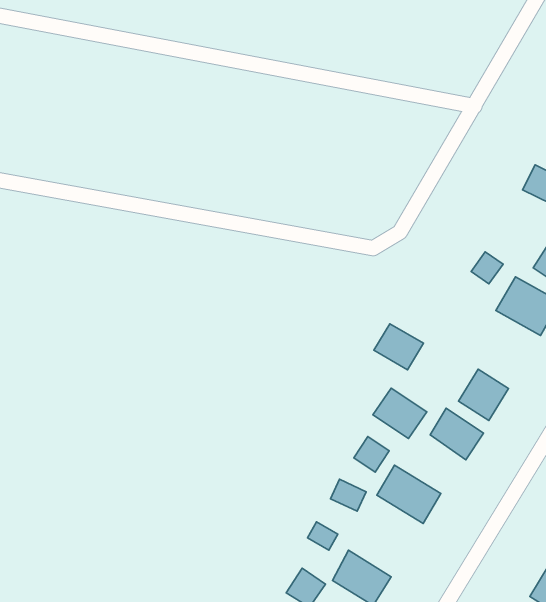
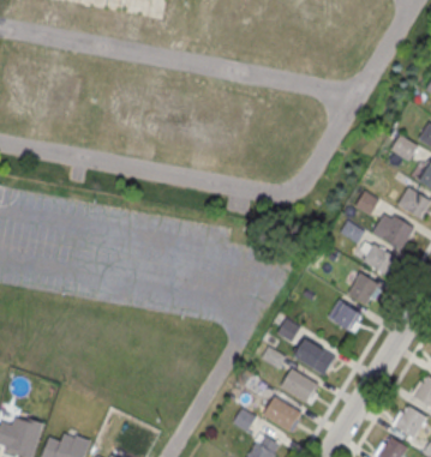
building: [374,324,424,370] -> [361,242,395,273]
building: [373,388,427,438] -> none
building: none -> [280,367,321,404]

